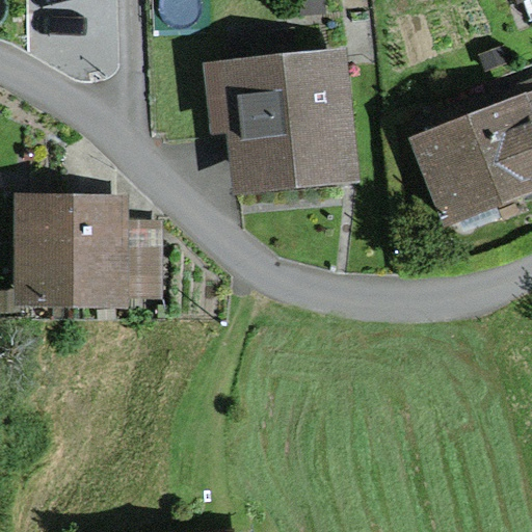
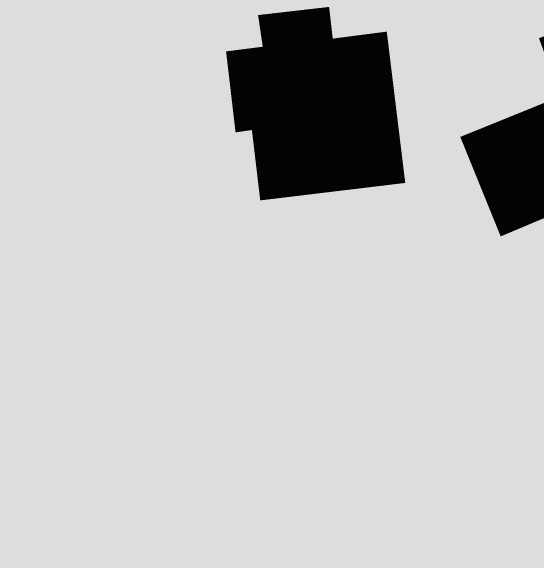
building: [12,192,162,308] -> none

